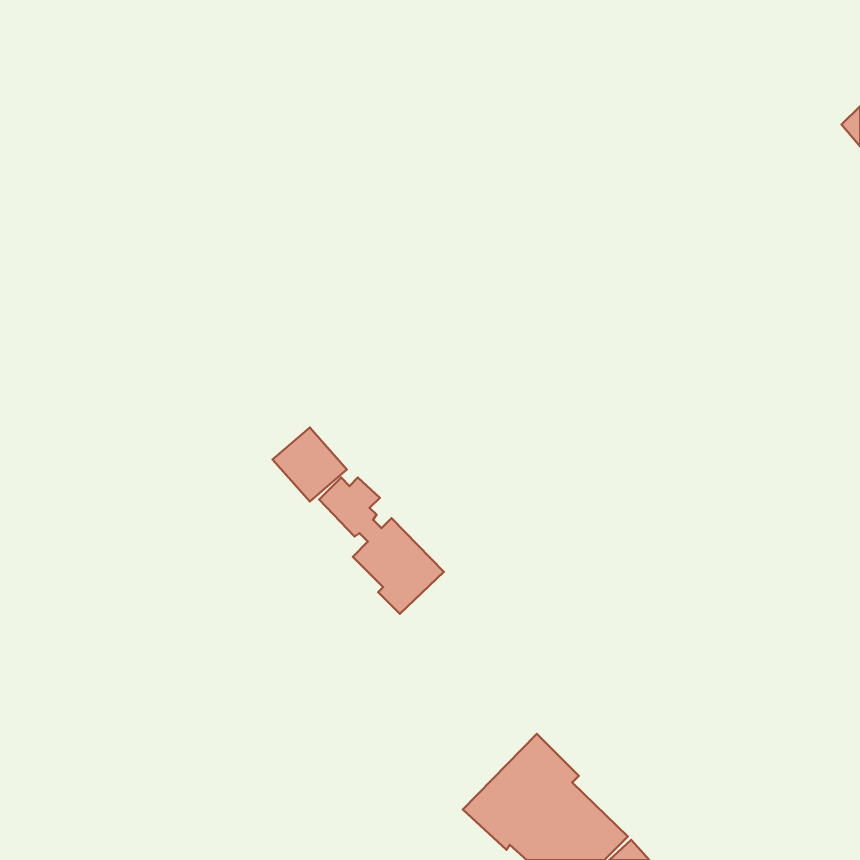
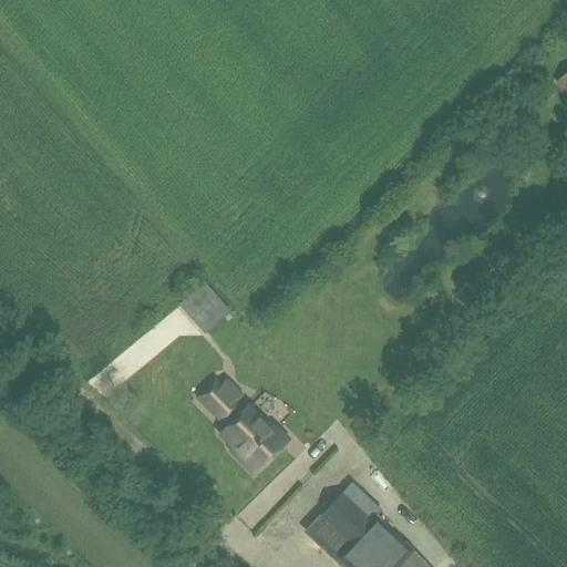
building: [319,478,444,614] -> [200,381,282,471]

